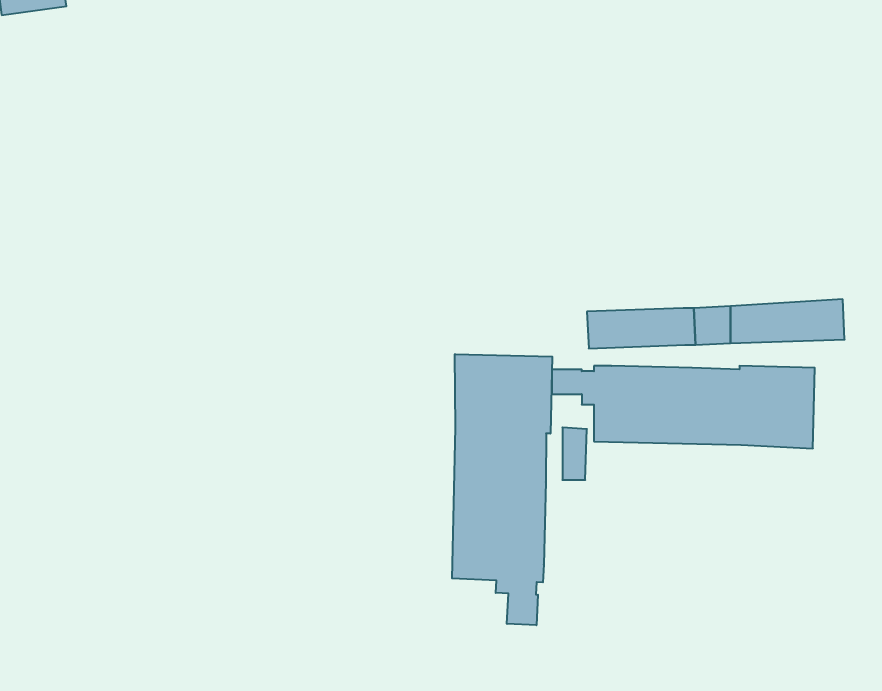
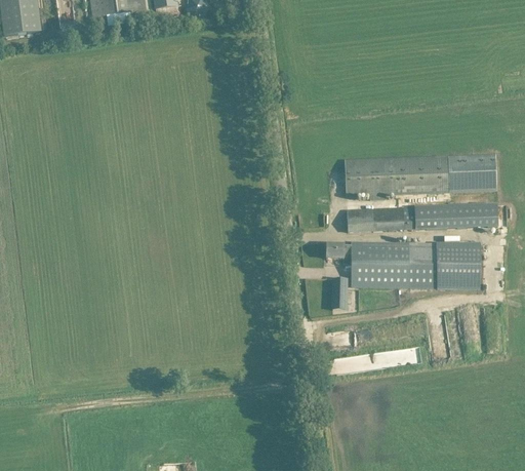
building: none -> [346,154,496,199]
building: [452,354,552,625] -> none

